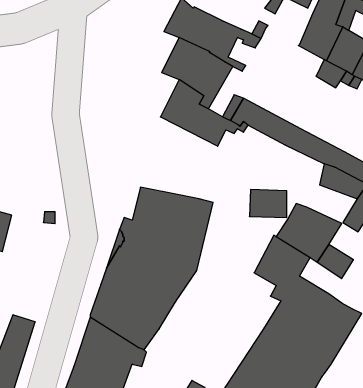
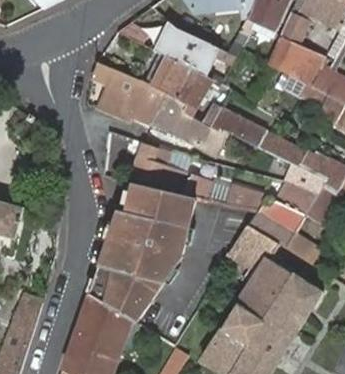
building: none -> [91,61,166,123]
building: none -> [128,142,210,199]
building: none -> [275,181,318,214]

